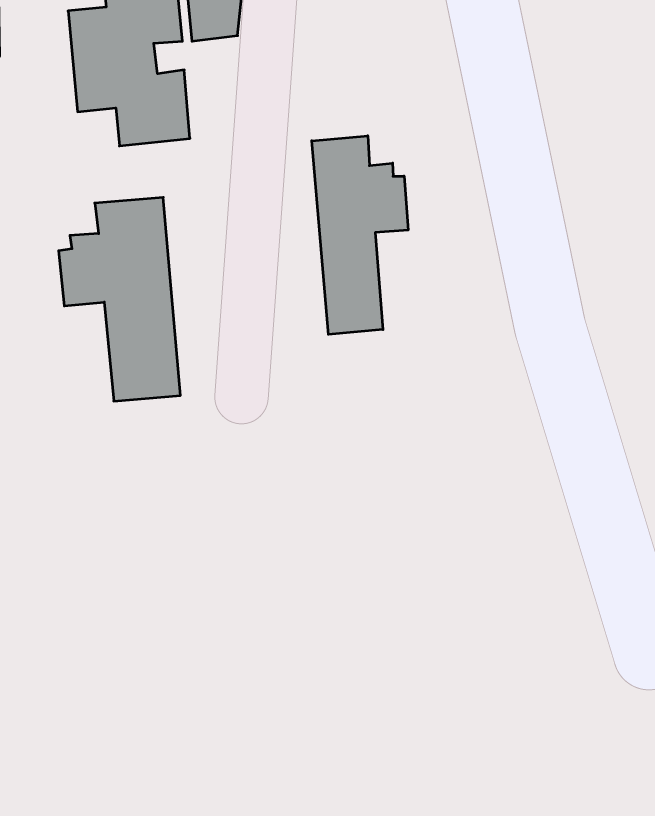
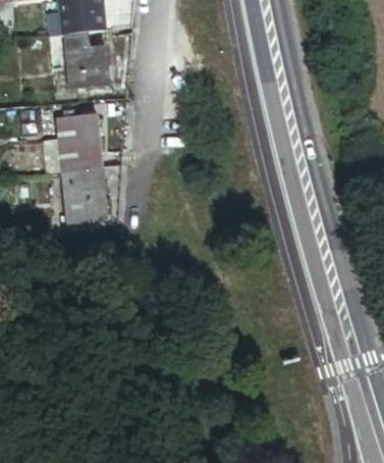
building: [312,136,408,334] -> none

